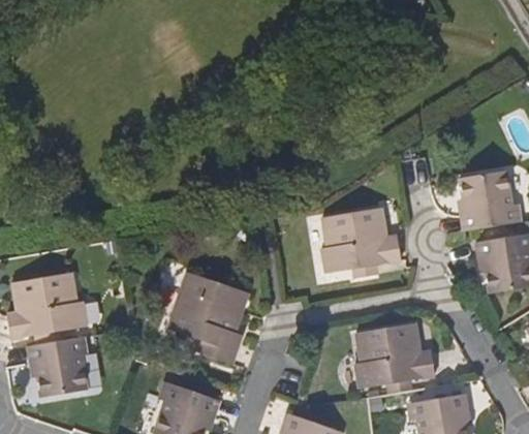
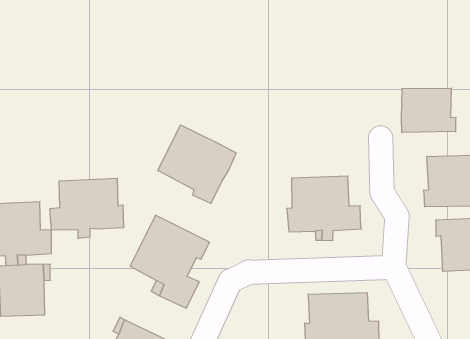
building: none -> [401,88,456,133]
building: none -> [158,125,236,204]
building: none -> [50,178,124,239]

